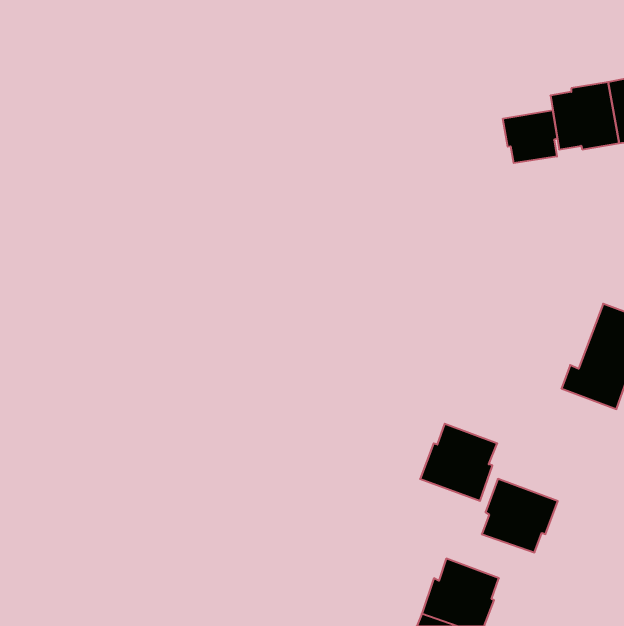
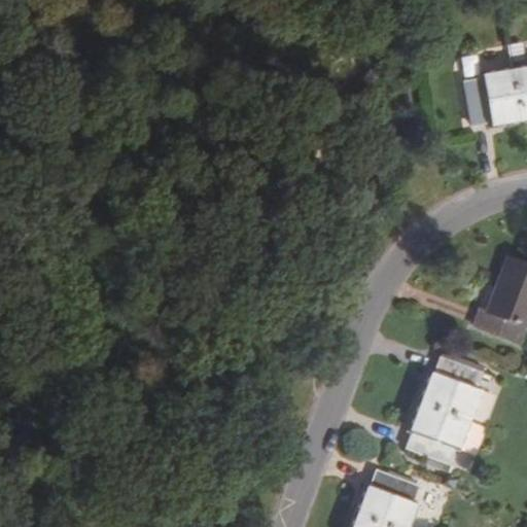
building: [503,110,557,163] -> none
building: [420,424,497,501] -> [420,356,485,421]

